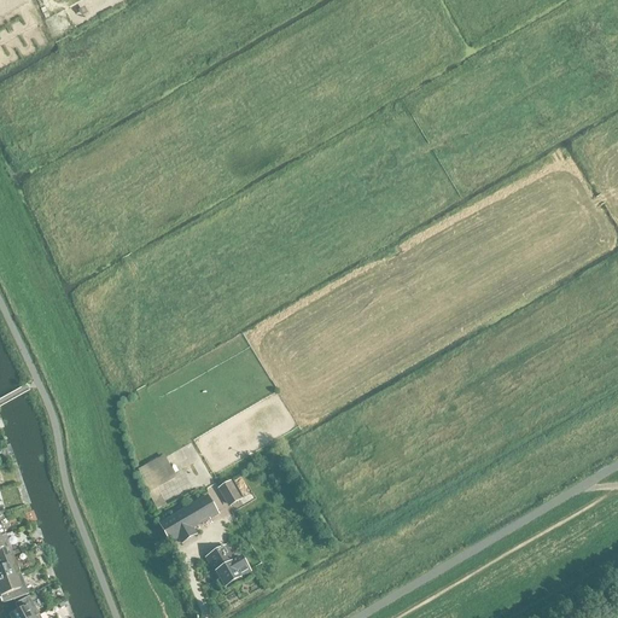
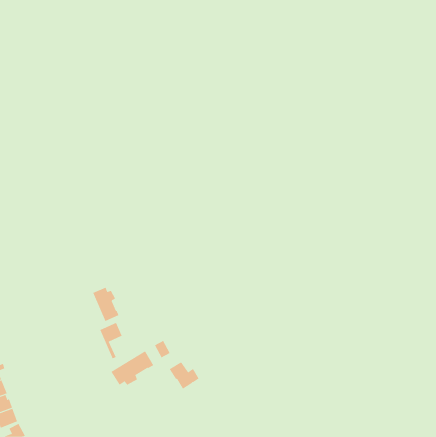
building: none -> [92,287,119,322]
building: [204,547,247,587] -> [169,361,200,390]

